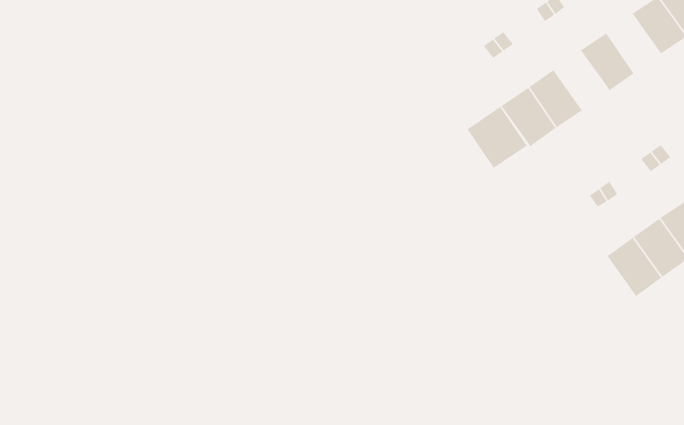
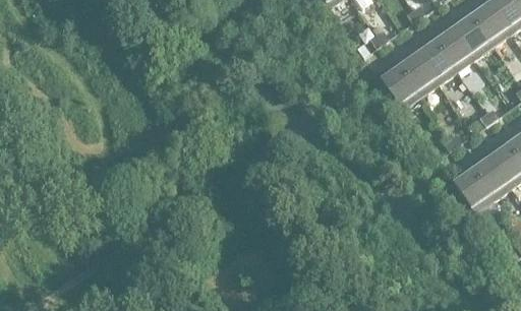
building: none -> [455,11,493,53]
building: none -> [418,37,457,78]
building: [466,106,528,169] -> none

